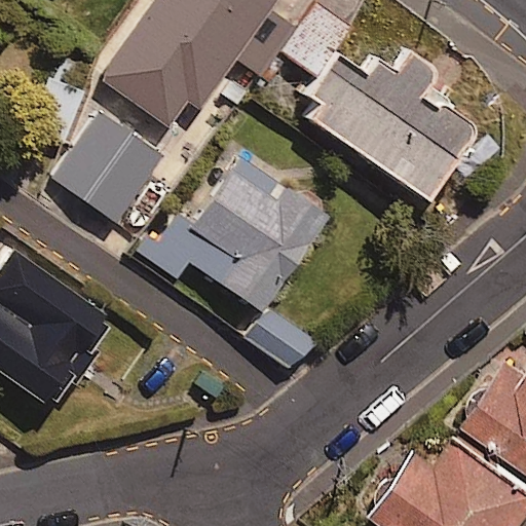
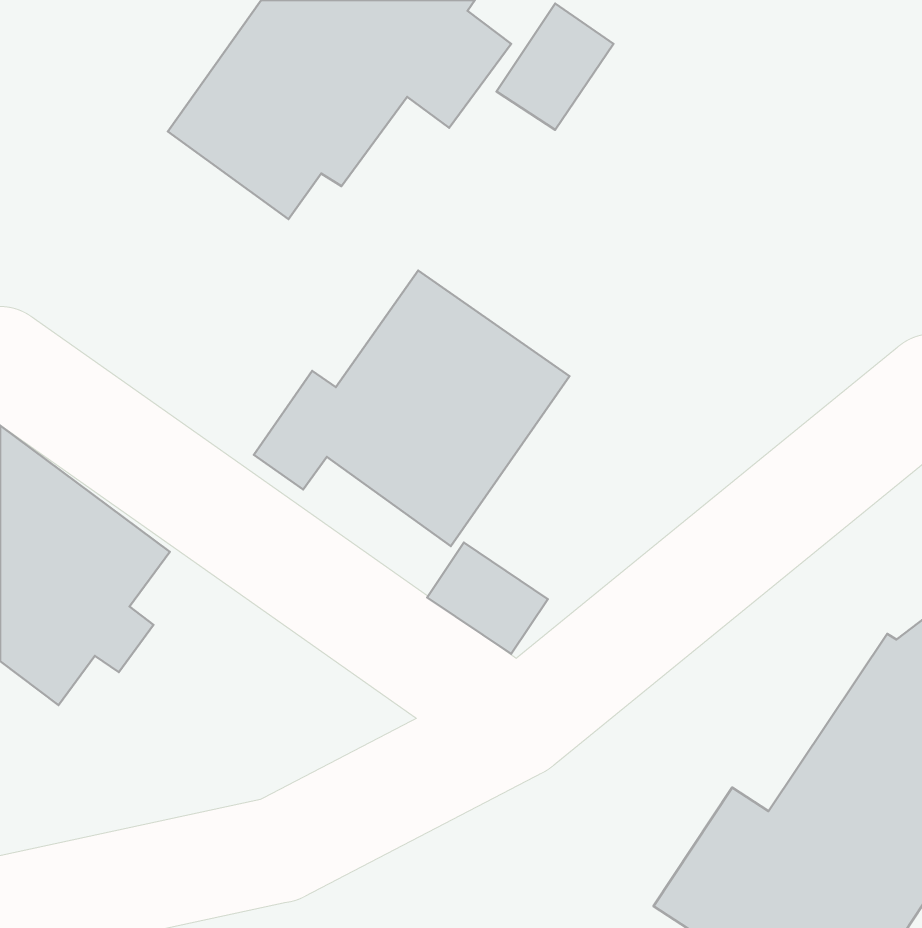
building: [303,50,474,197] -> none
building: [55,114,160,221] -> none

